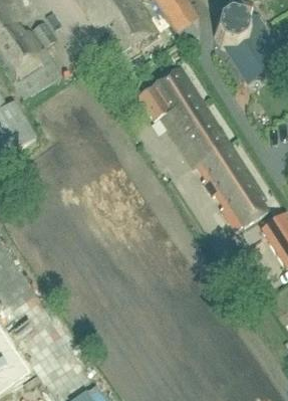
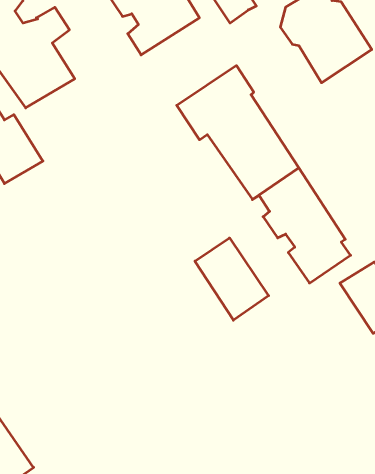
building: none -> [195,238,269,320]

